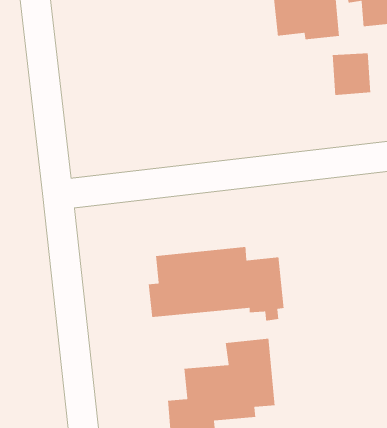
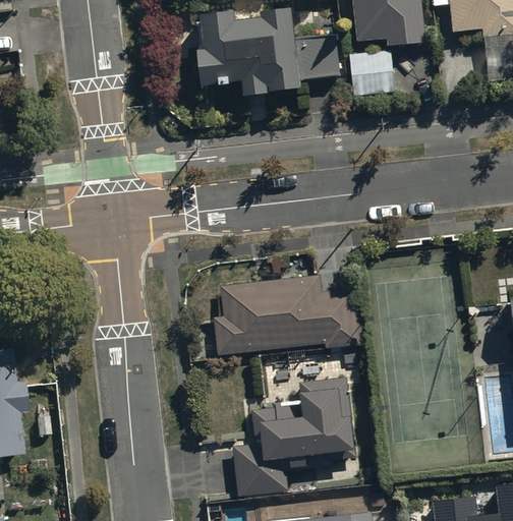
building: none -> [195,9,341,99]
building: [332,53,371,96] -> [349,48,393,96]

